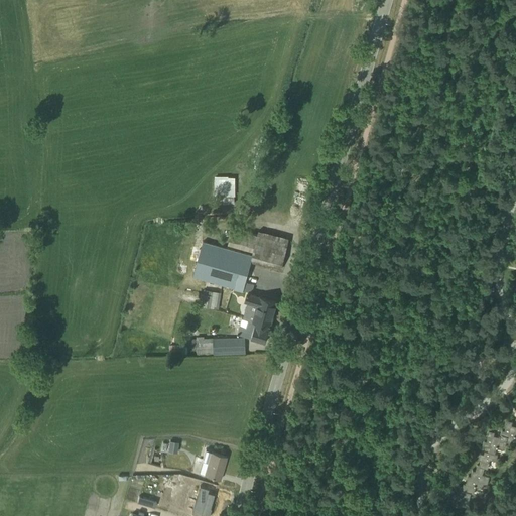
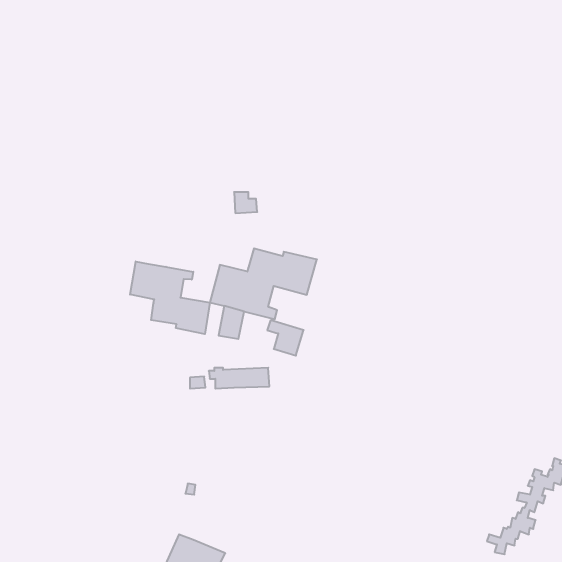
building: none -> [130,261,210,334]
building: [238,318,272,343] -> none
building: [201,452,228,481] -> none

